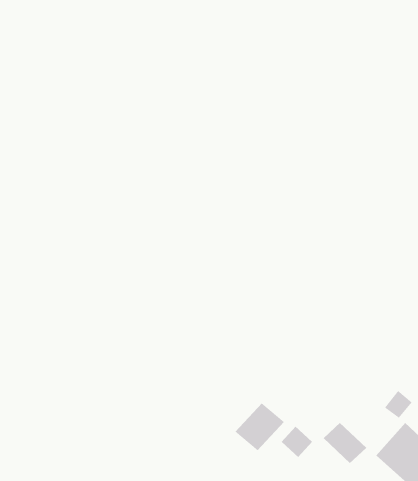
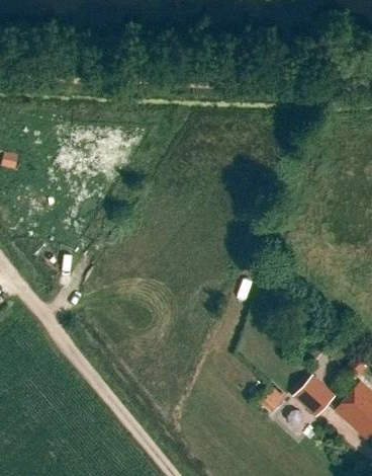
building: [235,402,285,451] -> none

